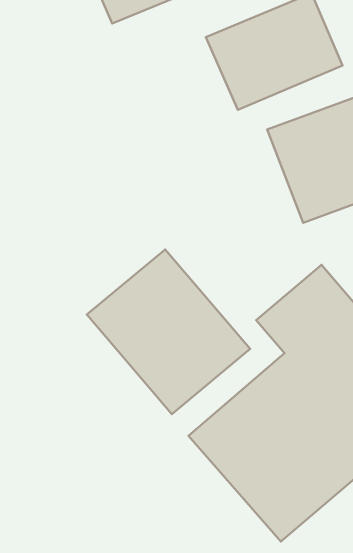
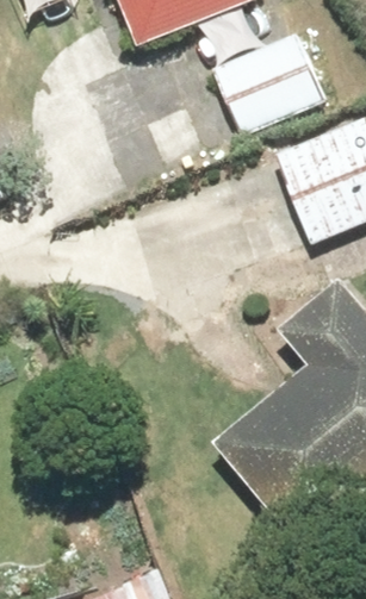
building: [87,249,250,414] -> none

